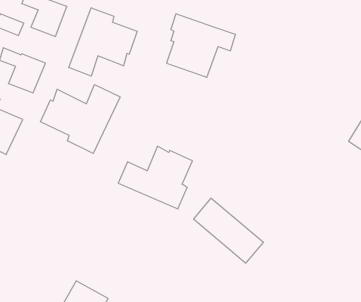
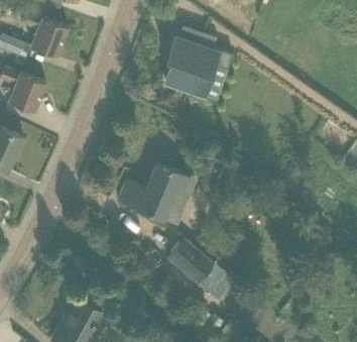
building: [69,8,137,76] -> none
building: [41,85,120,153] -> none
building: [194,198,263,263] -> [167,237,236,301]

